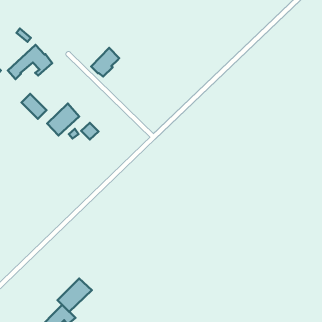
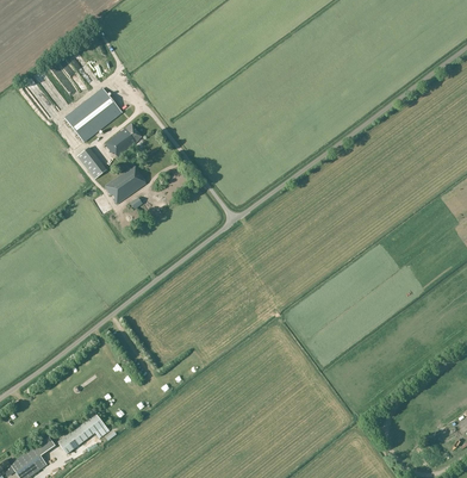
building: [91,48,119,76] -> [105,124,141,159]
building: [58,278,92,312] -> none

